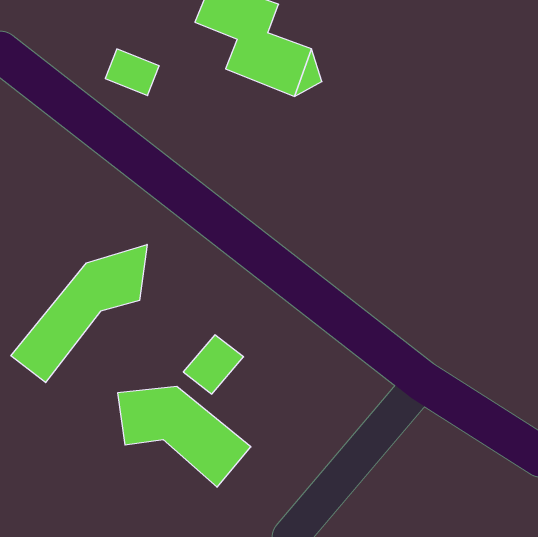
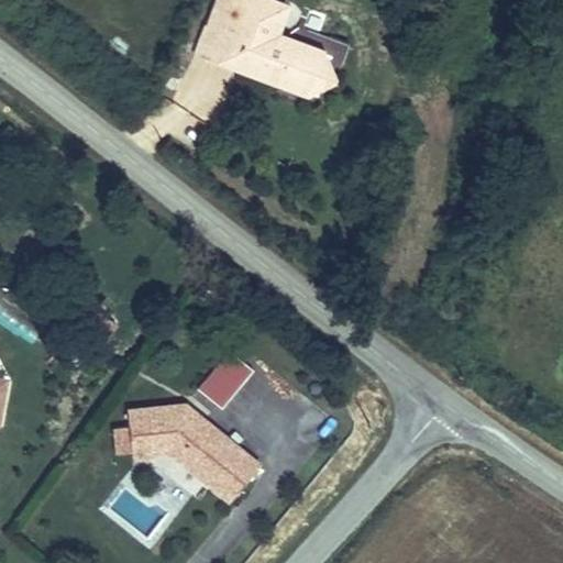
building: [105,49,159,96] -> [194,23,250,71]
building: [11,244,147,383] -> none

